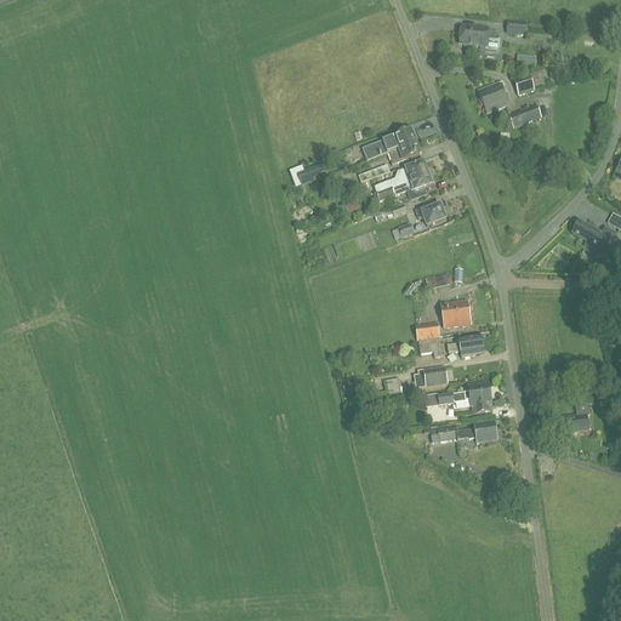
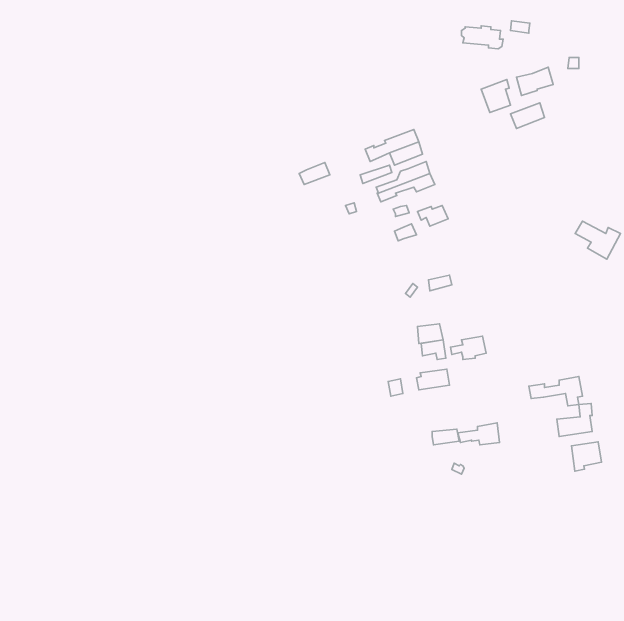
building: [440,300,469,326] -> none
building: [438,382,491,411] -> [529,377,582,406]
building: none -> [572,442,601,471]

